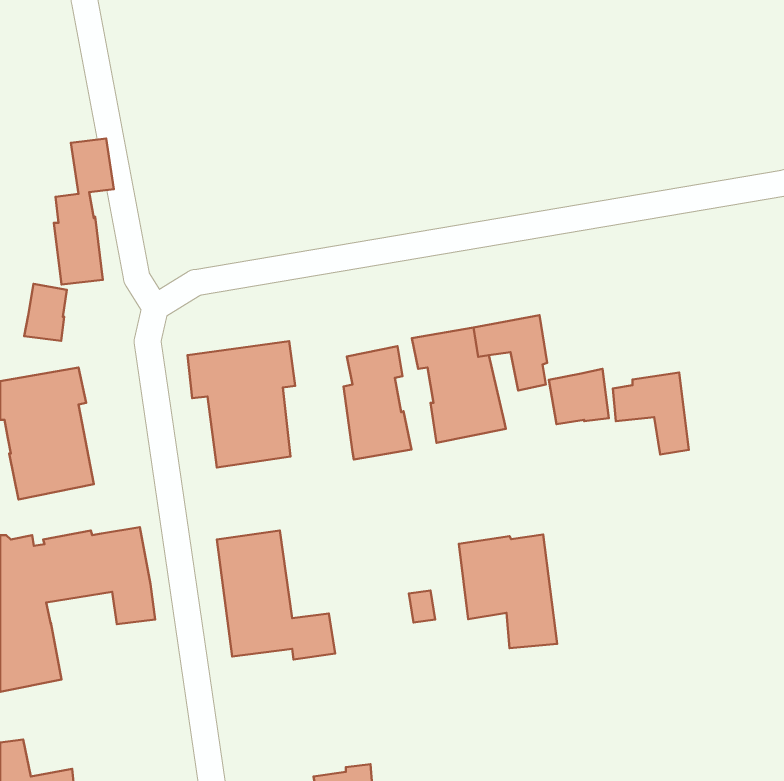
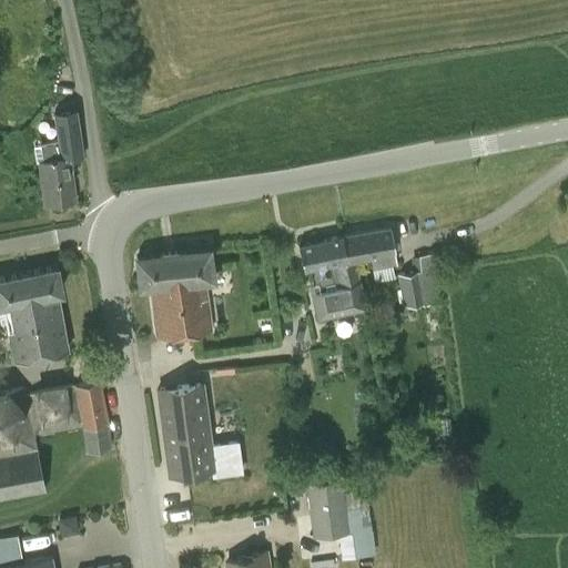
building: [24,284,67,341] -> none
building: [344,346,411,459] -> none
building: [613,372,689,454] -> none
building: [459,535,557,648] -> [305,478,376,560]

